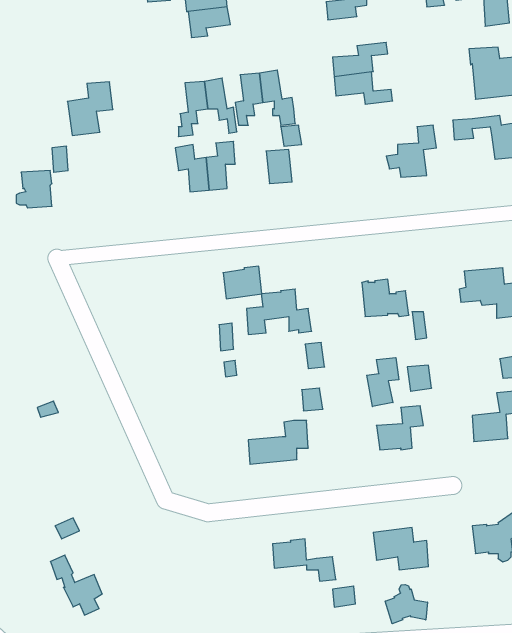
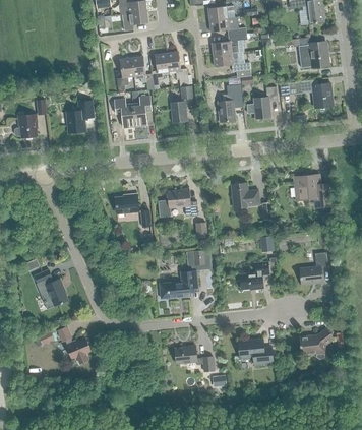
building: none -> [209,16,246,36]
building: [67,82,113,135] -> [65,100,94,133]
building: none -> [219,84,243,122]
building: [223,266,262,299] -> [115,193,139,213]
building: [367,358,399,407] -> none
building: none -> [35,268,68,308]
building: [50,555,102,615] -> [58,325,90,363]
building: [385,585,427,624] -> none

